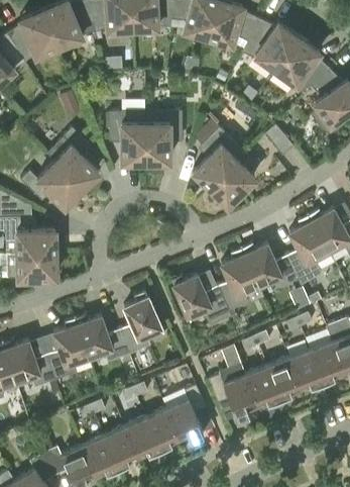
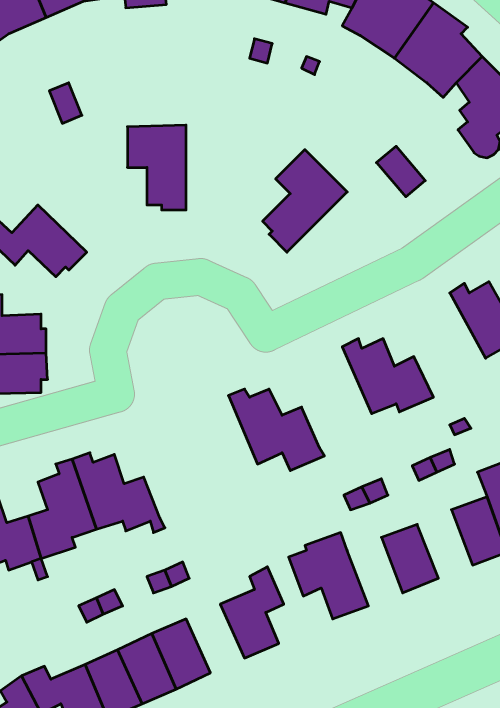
building: [145,110,183,164] -> none
building: [46,127,98,190] -> none
building: [208,160,254,204] -> none
building: [286,215,331,285] -> none
building: [217,249,260,311] -> none
building: [119,291,163,355] -> none
building: [288,350,323,392] -> none
building: [245,367,279,409] -> none
building: [145,408,182,451] -> none

